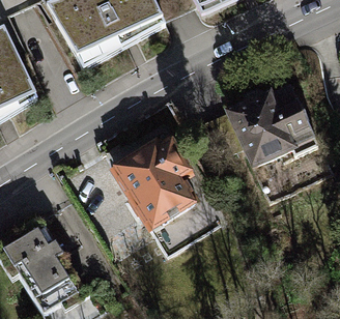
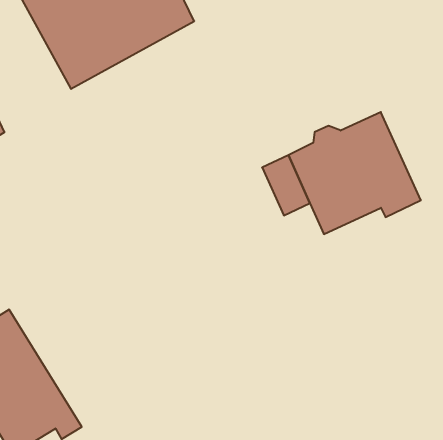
building: [115,141,195,221] -> none

